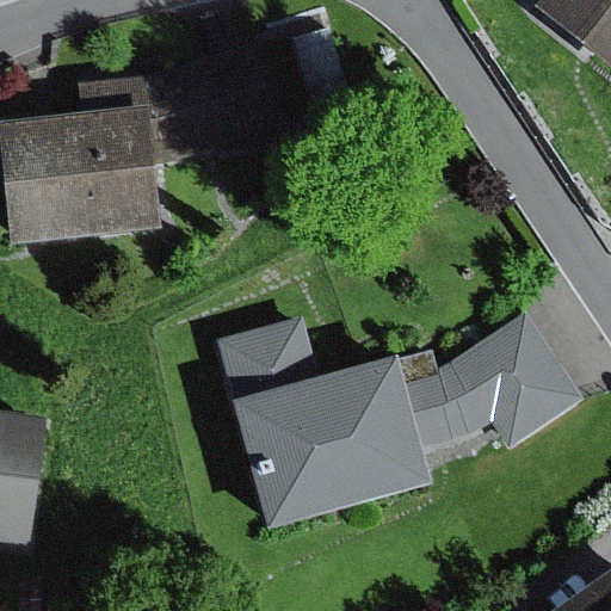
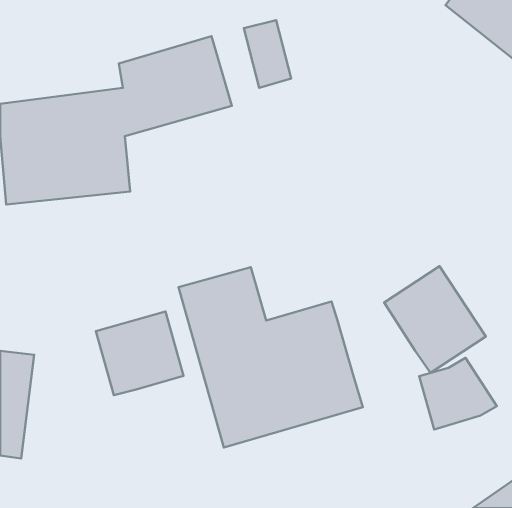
building: [403,358,495,443] -> [419,358,497,429]
building: none -> [96,312,184,395]

